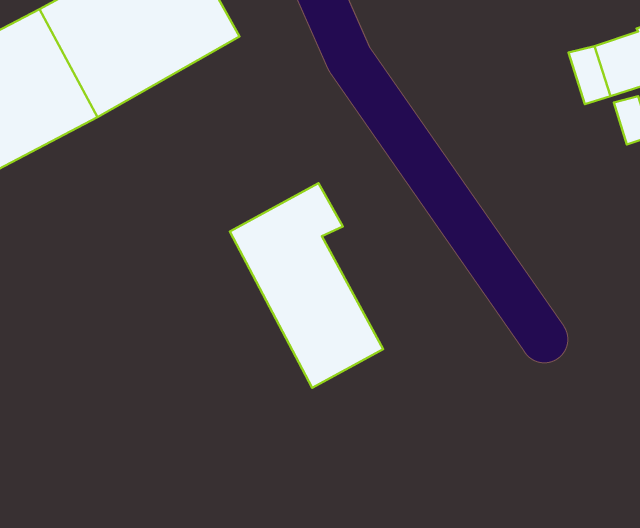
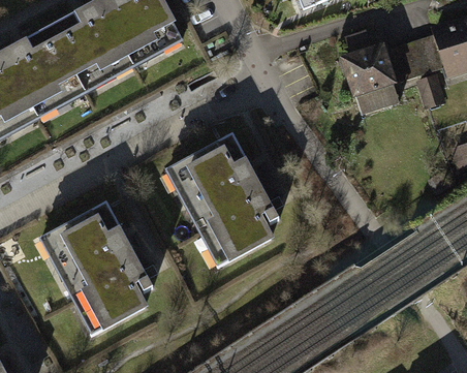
building: none -> [344,31,401,116]
building: none -> [48,200,146,331]

